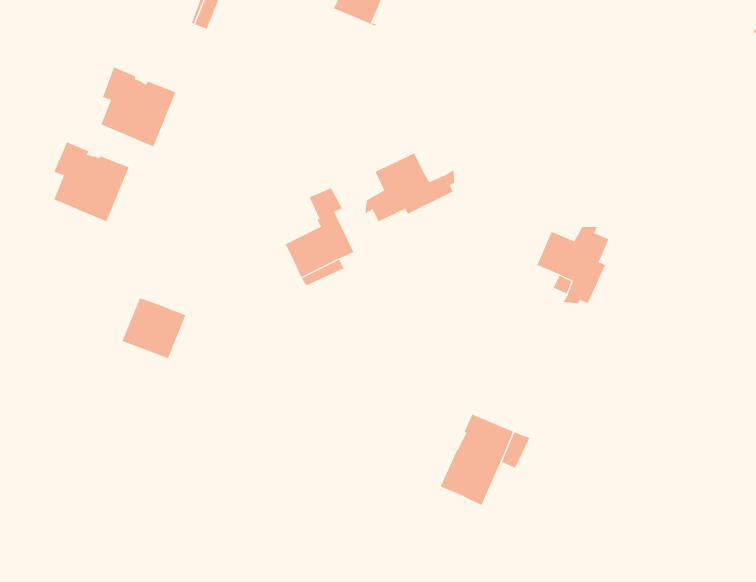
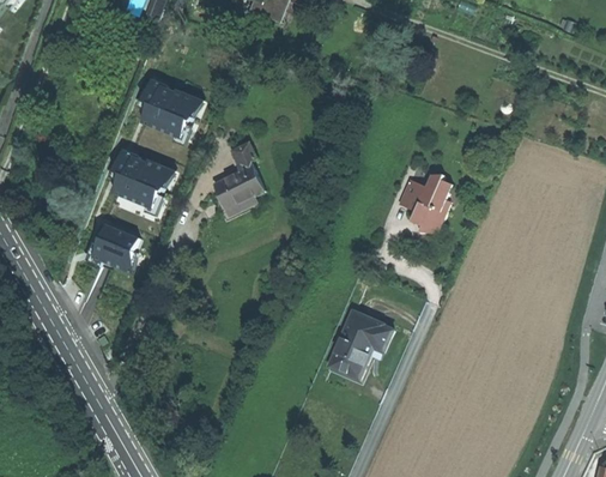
building: [100,66,176,147] -> [141,79,198,139]
building: [54,141,129,222] -> [113,150,169,210]
building: [365,153,454,222] -> none

